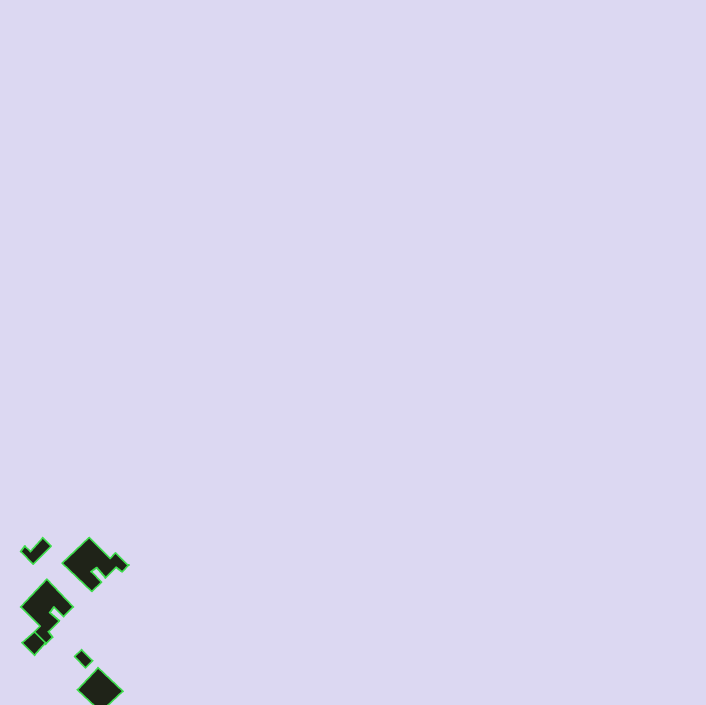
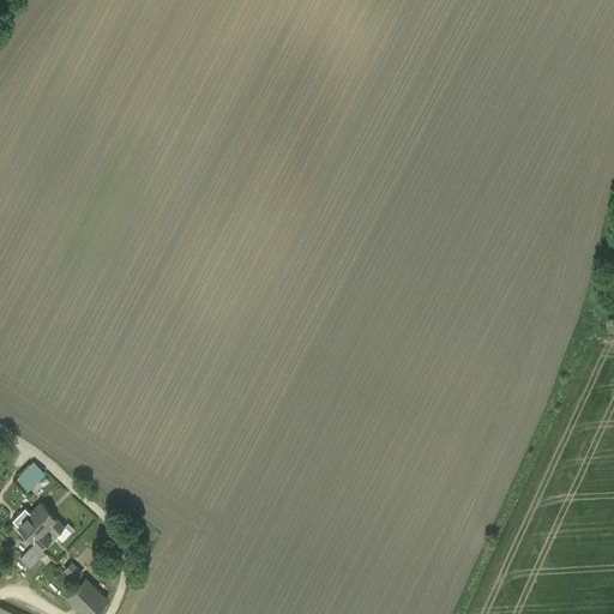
building: [62,538,129,591] -> none

